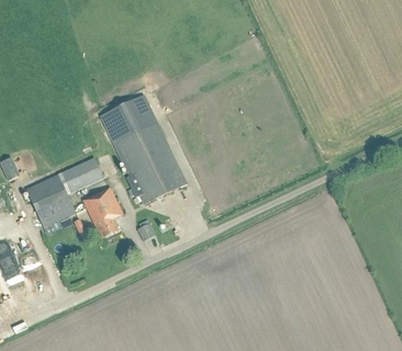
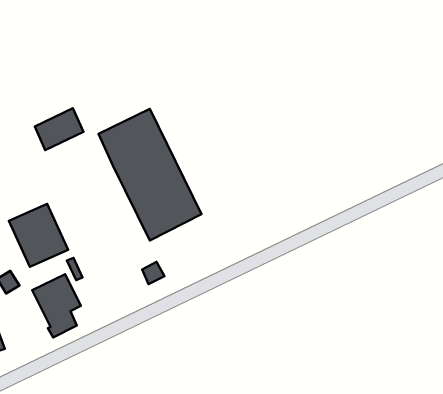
building: [63,157,103,192] -> [35,108,83,150]
building: [82,186,123,239] -> [32,274,81,337]

